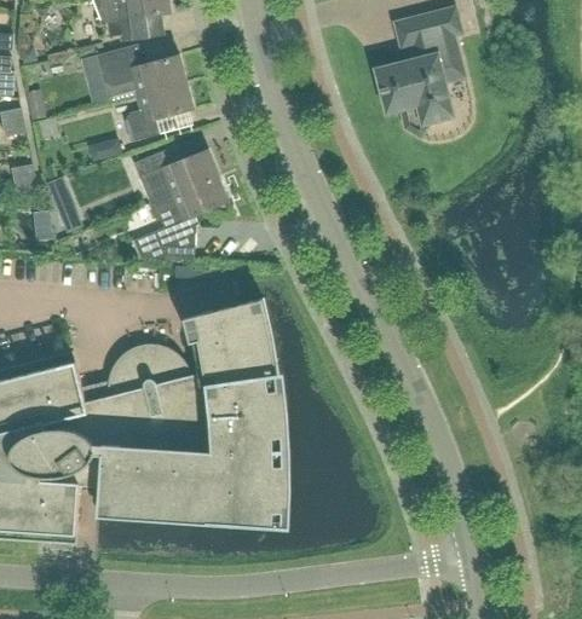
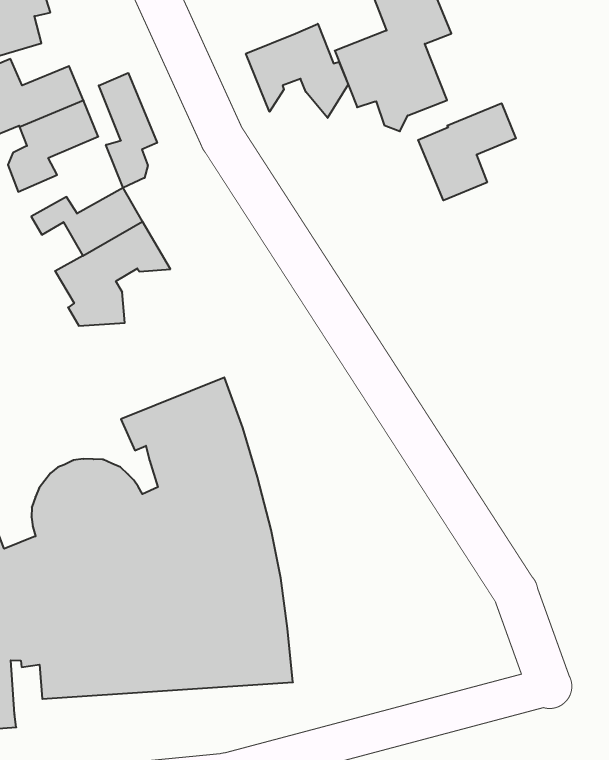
building: none -> [246,24,348,118]
building: none -> [99,73,157,188]
building: none -> [418,103,516,200]

